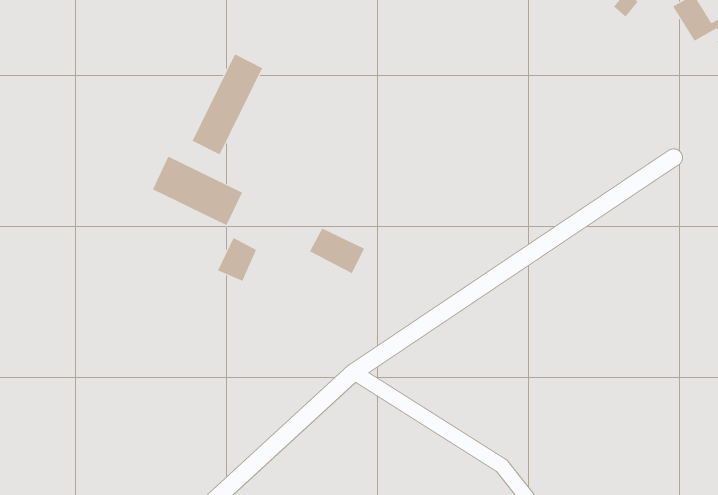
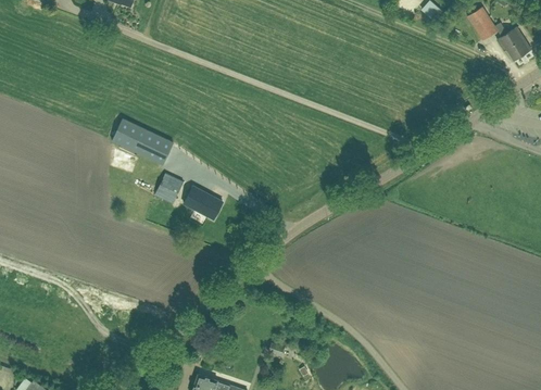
building: [192,54,263,155] -> none
building: [309,228,365,274] -> [184,187,222,218]

